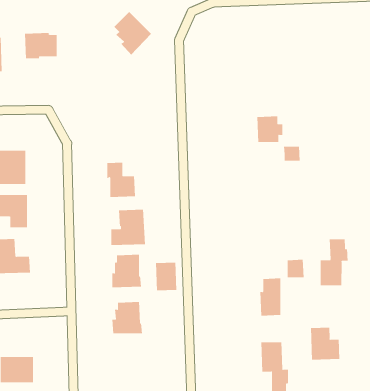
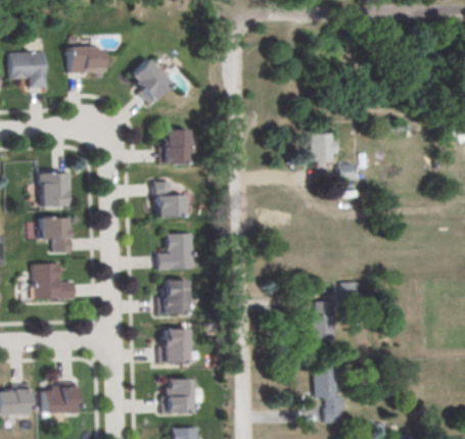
building: [114,11,152,55] -> [131,57,171,103]
building: none -> [159,129,191,162]
building: [320,238,348,286] -> none
building: [155,262,177,291] -> none
building: [311,327,340,361] -> none
building: none -> [161,378,193,412]

